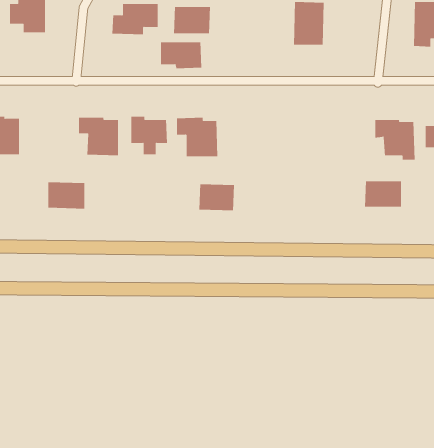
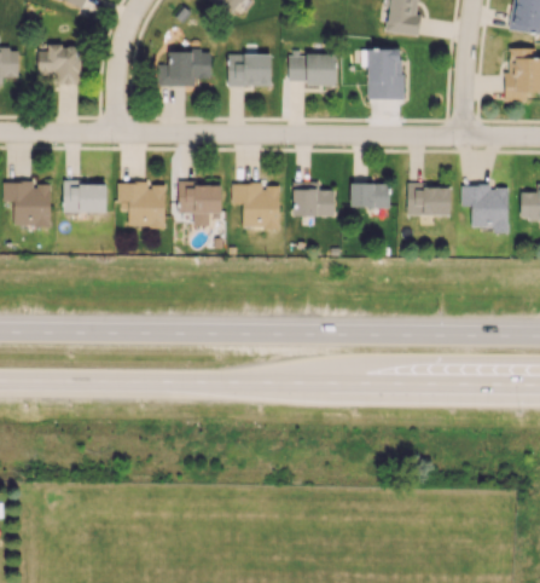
building: [160,42,202,69] -> [289,54,337,86]
building: none -> [350,183,390,208]
building: [364,181,402,207] -> [407,185,451,215]
building: [47,182,85,209] -> [63,181,106,213]
building: [198,184,235,211] -> [292,185,335,217]

